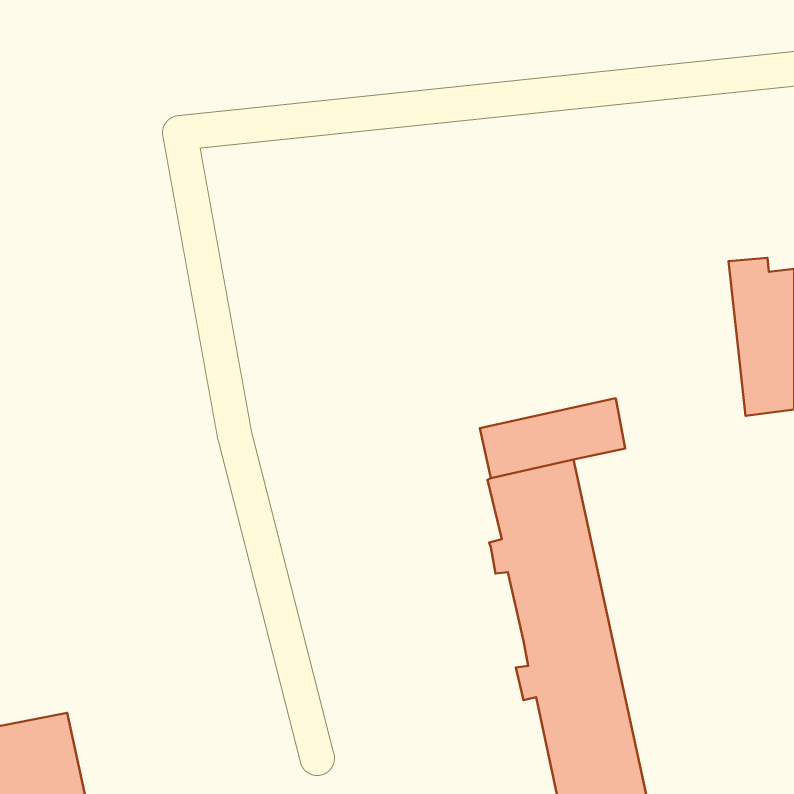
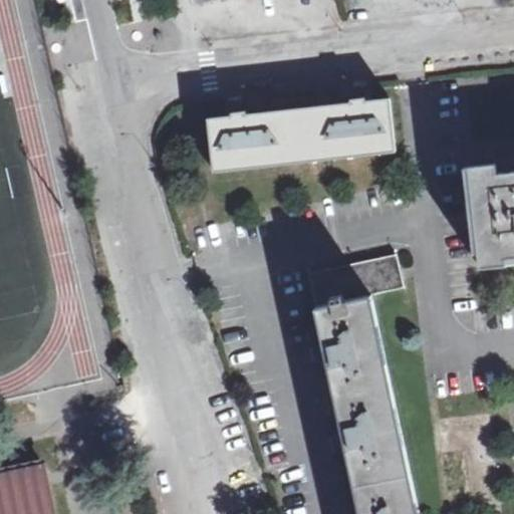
building: none -> [207,93,393,171]

